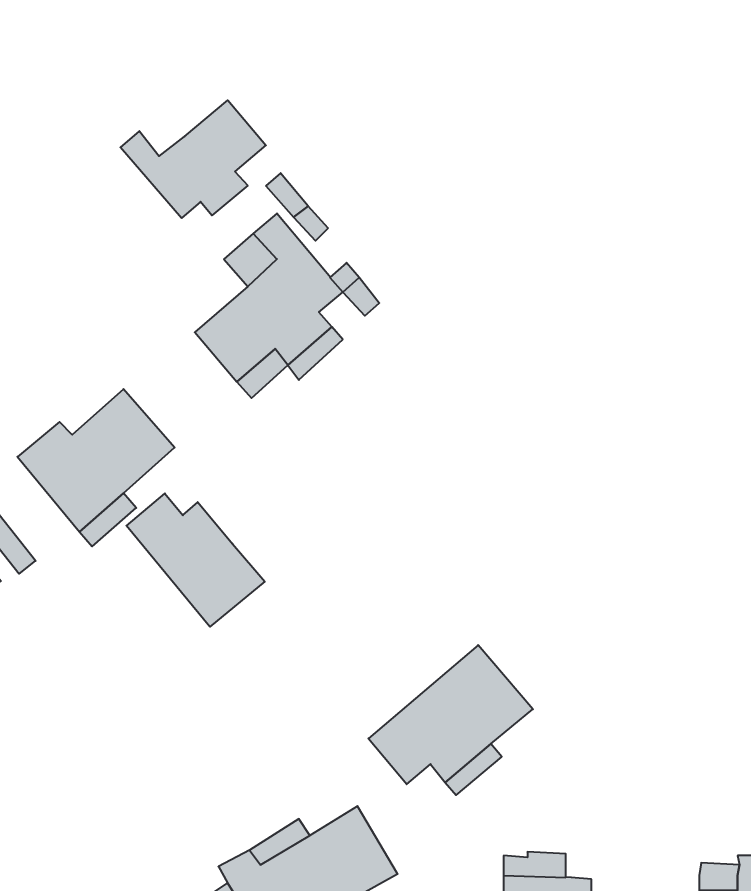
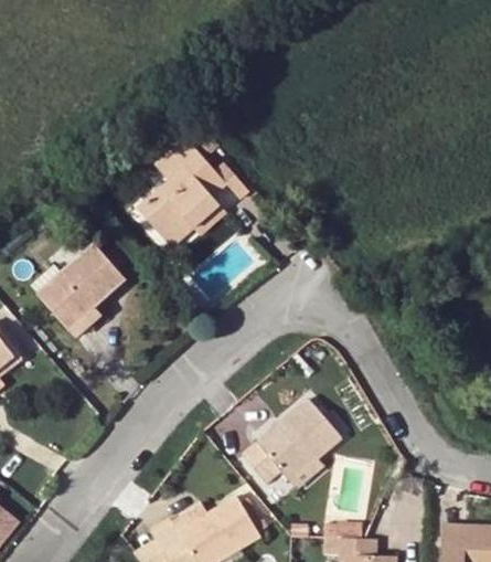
building: [120,100,266,218] -> none
building: [126,493,265,627] -> none

